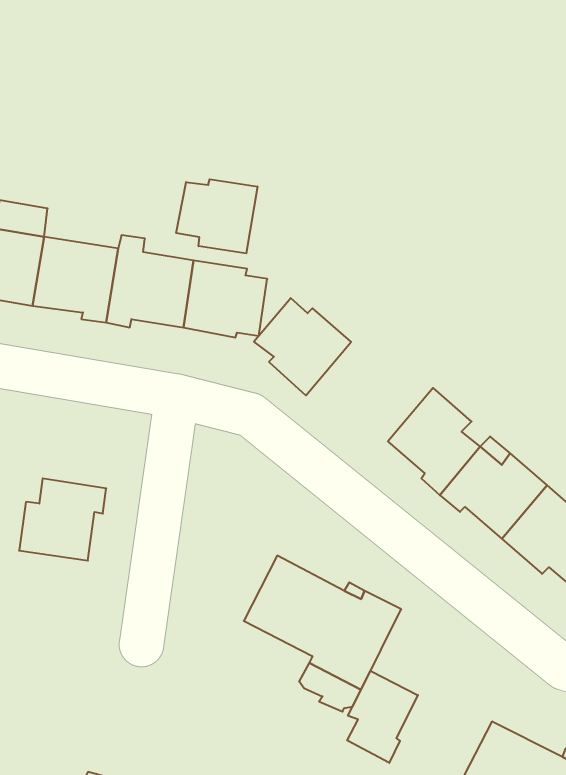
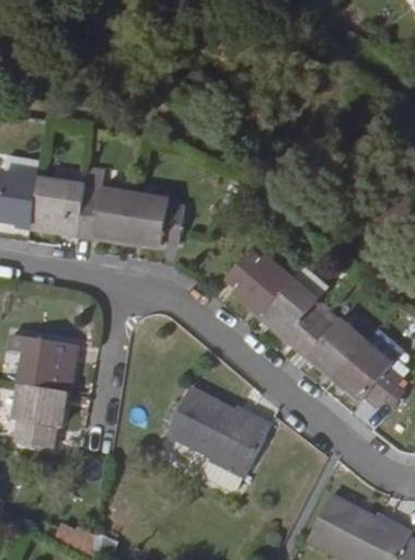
building: [176,179,257,253] -> none
building: [254,298,351,395] -> [227,249,290,313]
building: none -> [15,384,65,442]
building: [347,671,418,763] -> none

